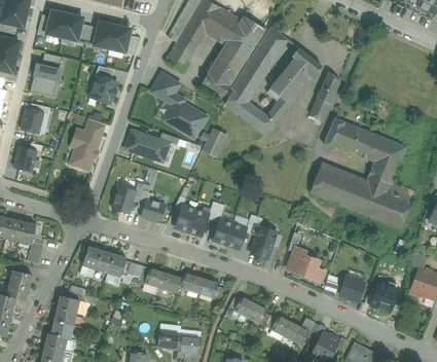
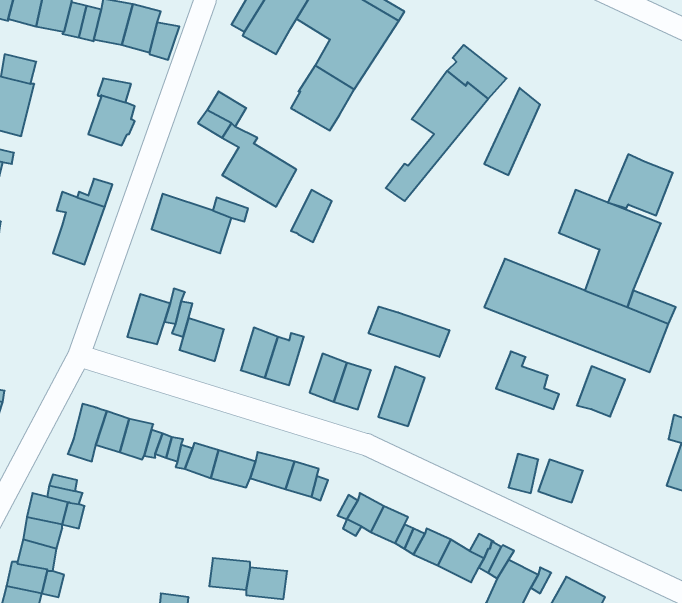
building: [225,27,288,126] -> none
building: [166,42,194,71] -> none
building: [324,117,360,151] -> [608,154,673,216]
building: none -> [369,307,449,357]
building: [288,248,323,280] -> [496,351,559,409]
building: [371,282,398,310] -> [577,366,625,417]

